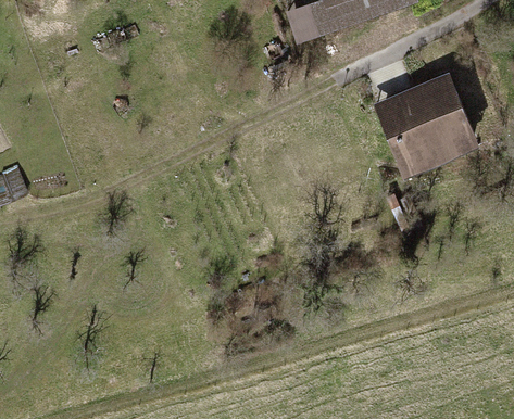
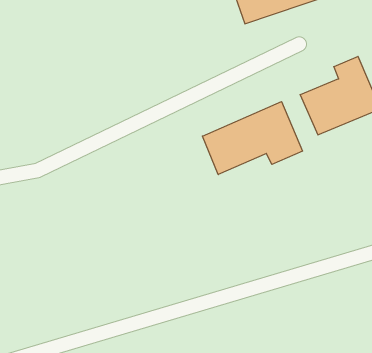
building: none -> [202,102,303,175]

